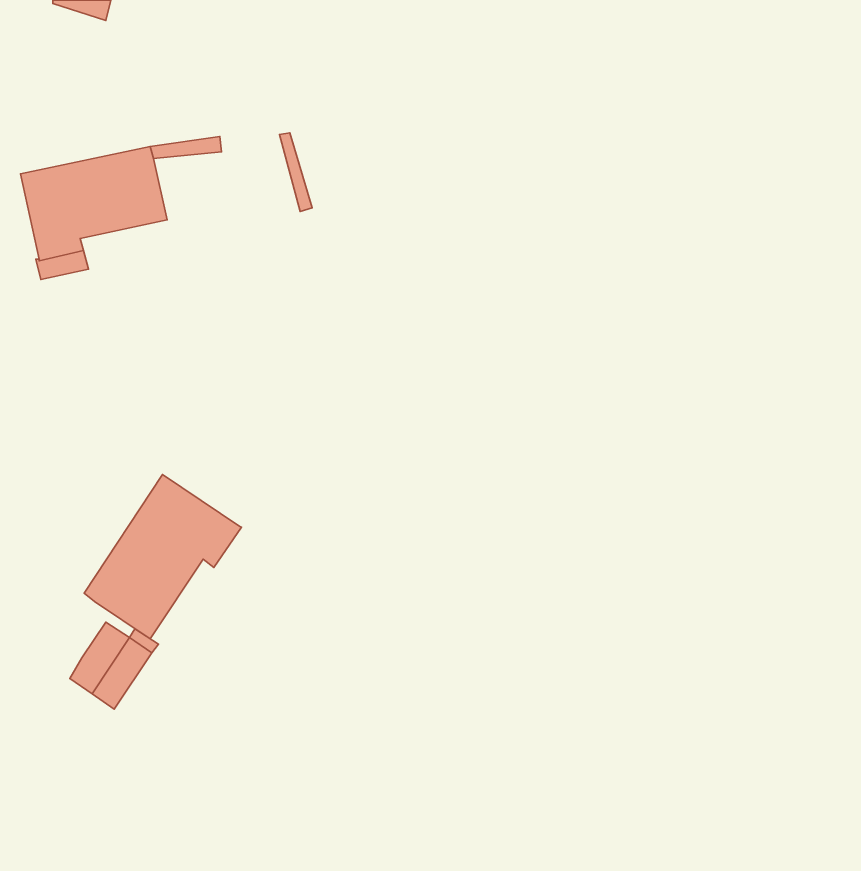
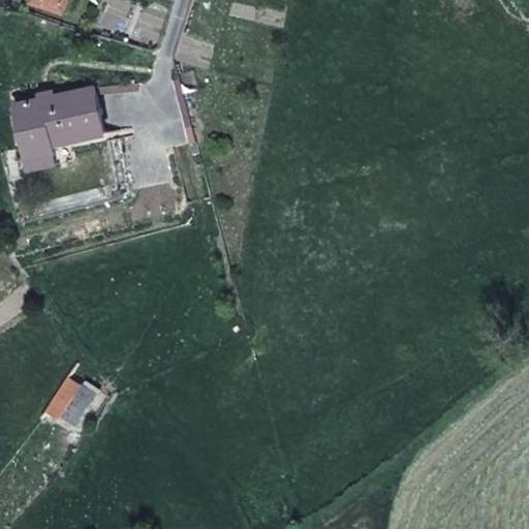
building: [84,474,242,639] -> none

